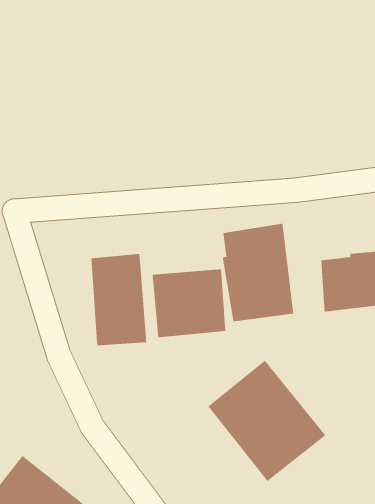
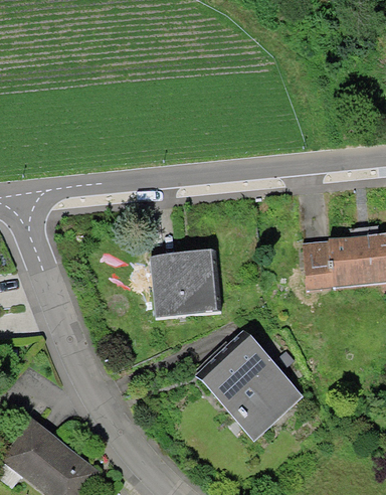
building: [222,223,294,322] -> none
building: [91,253,147,346] -> none

